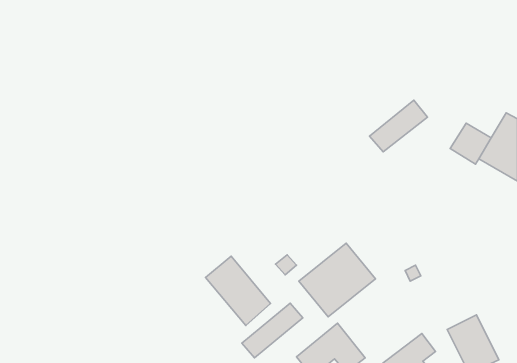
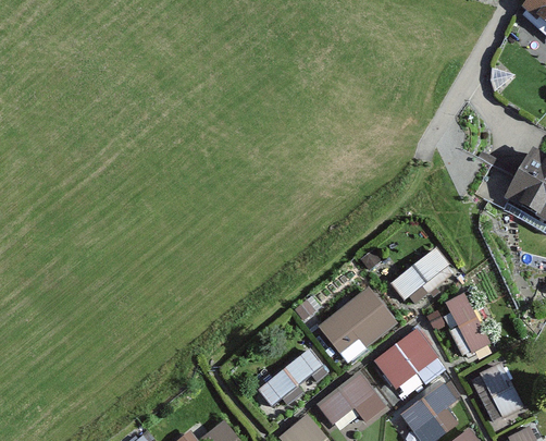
building: [370,100,427,152] -> [389,246,449,299]
building: none -> [446,292,493,363]
building: [206,256,270,325] -> none
building: none -> [374,328,437,388]

